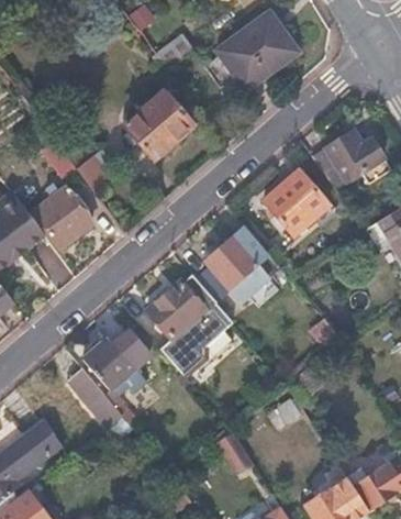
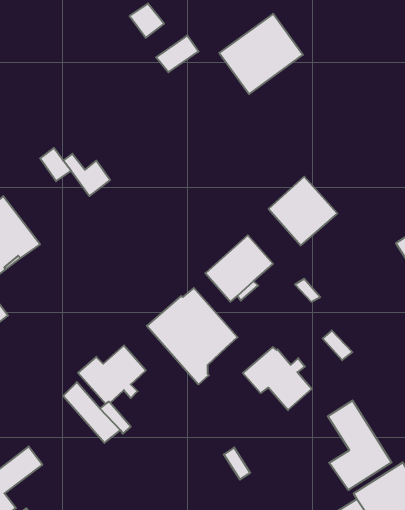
building: [126,95,190,159] -> none
building: [310,134,380,188] -> none
building: [33,190,91,250] -> none
building: none -> [243,347,312,410]
building: none -> [328,400,392,490]

